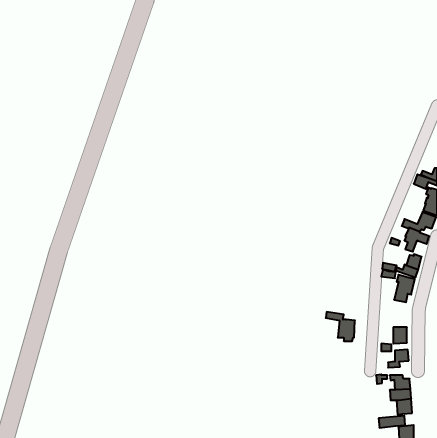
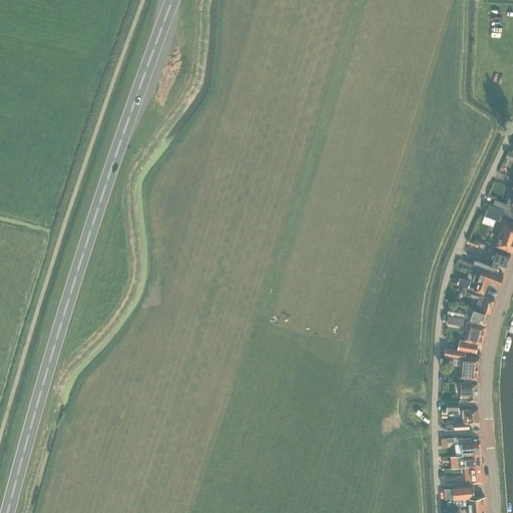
building: [326,312,355,341] -> [443,349,477,383]

